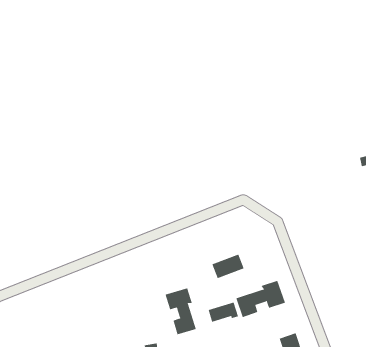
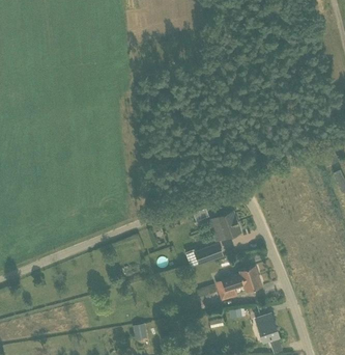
building: none -> [209,212,239,242]
building: [165,287,197,335] -> none

